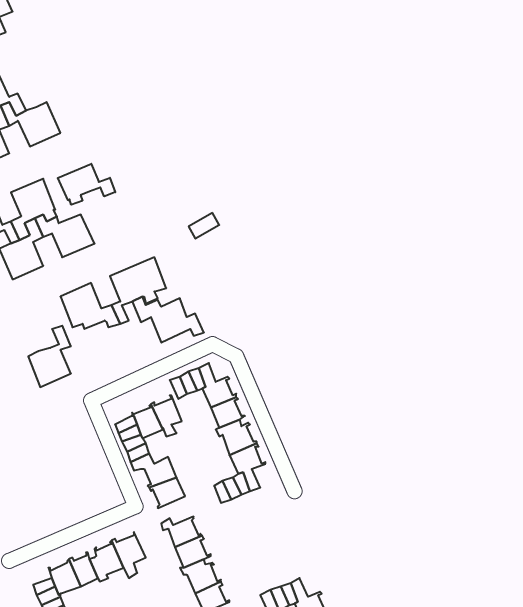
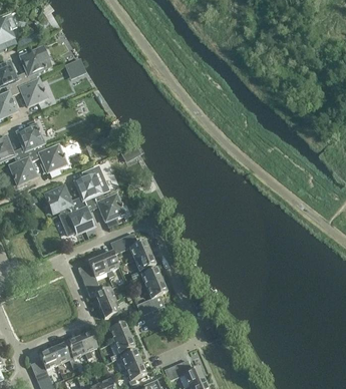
building: none -> [20,48,51,84]
building: [58,164,115,205] -> none
building: [28,326,71,387] -> [67,197,92,233]

